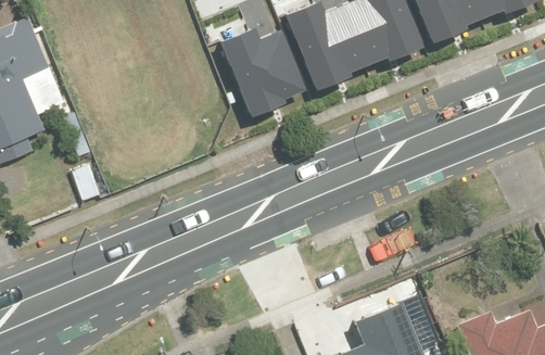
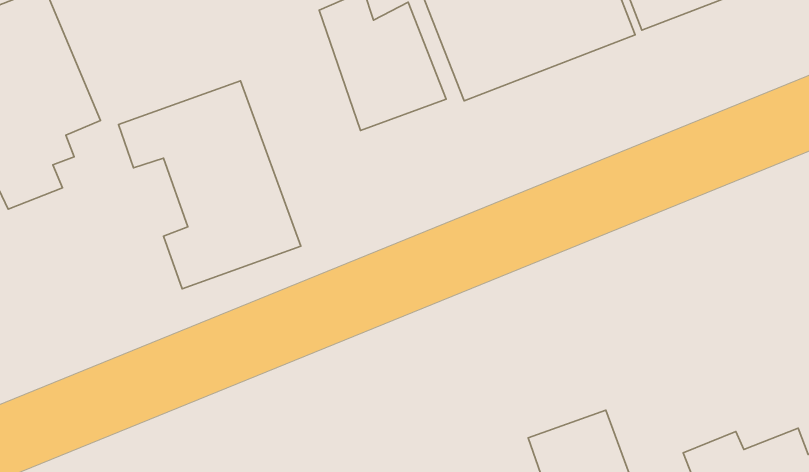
building: none -> [119,81,301,289]

